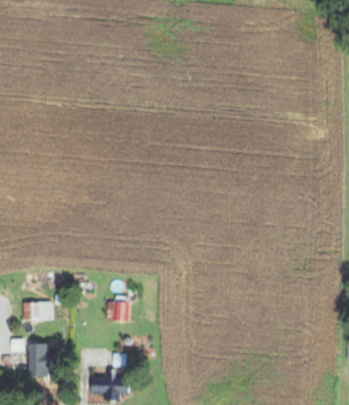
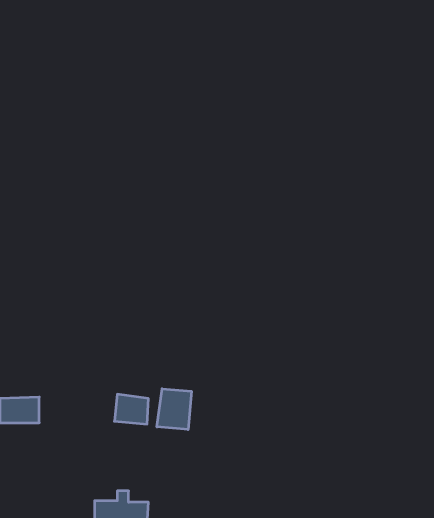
building: none -> [157,389,191,430]
building: [28,344,56,375] -> none

